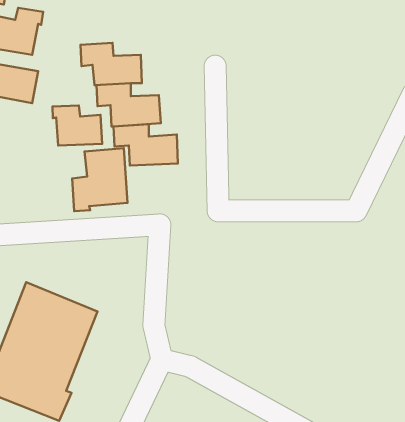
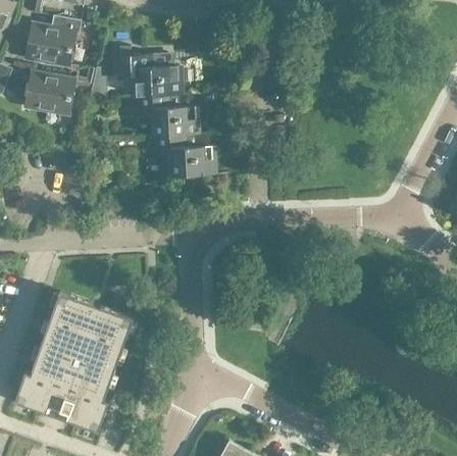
building: [52,106,102,146] -> none
building: [72,148,127,211] -> none

